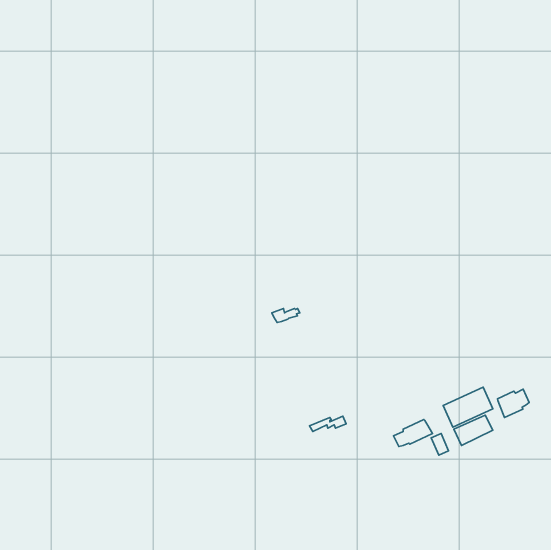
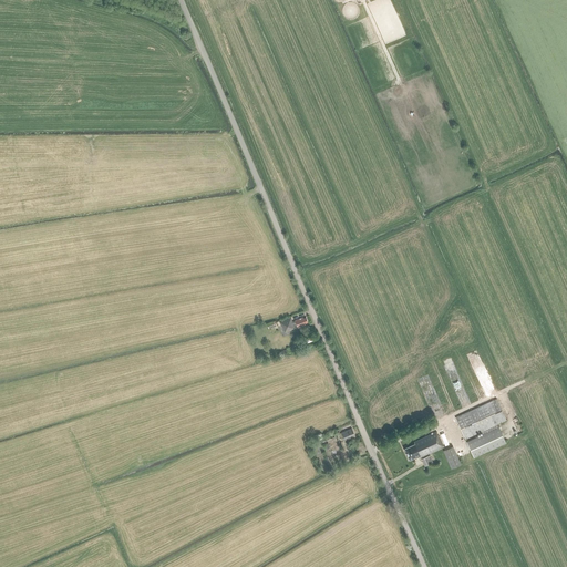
building: [498,389,529,417] -> none

